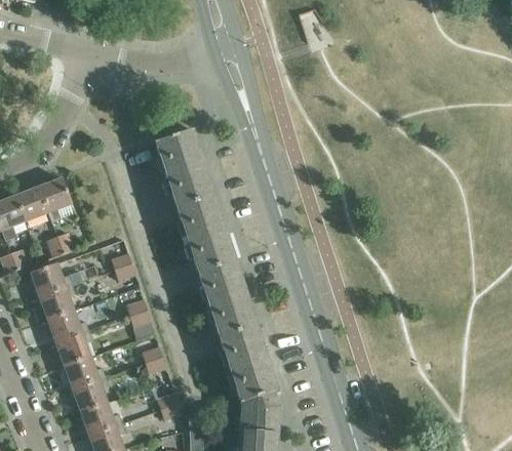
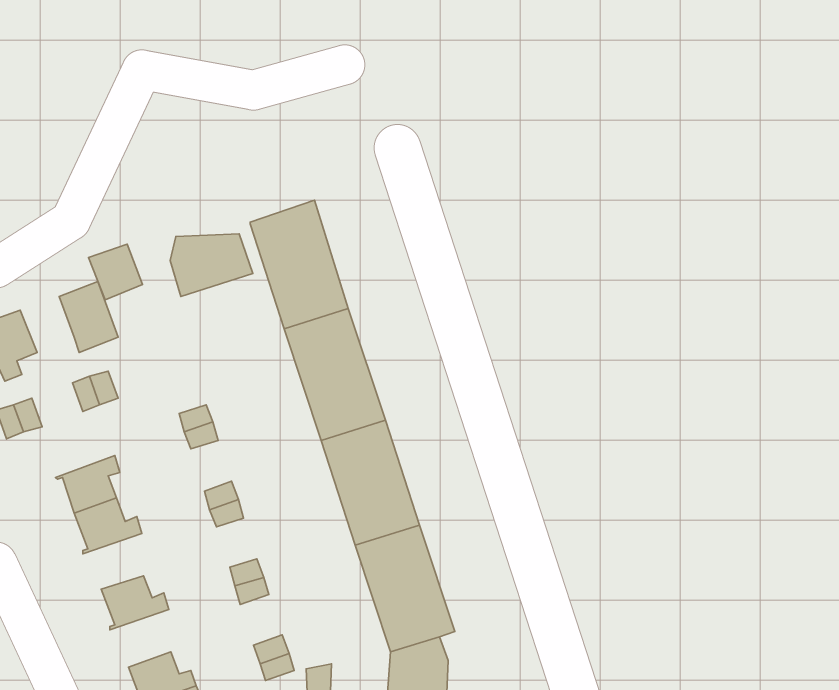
building: none -> [170,234,253,296]
building: [14,189,47,222] -> [88,244,143,300]
building: [31,264,72,298] -> none
building: [52,332,92,366] -> none
building: [69,378,109,413] -> none

